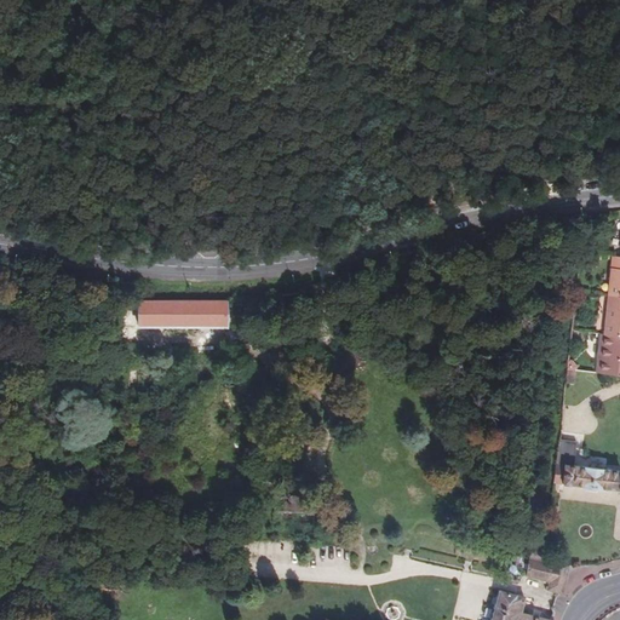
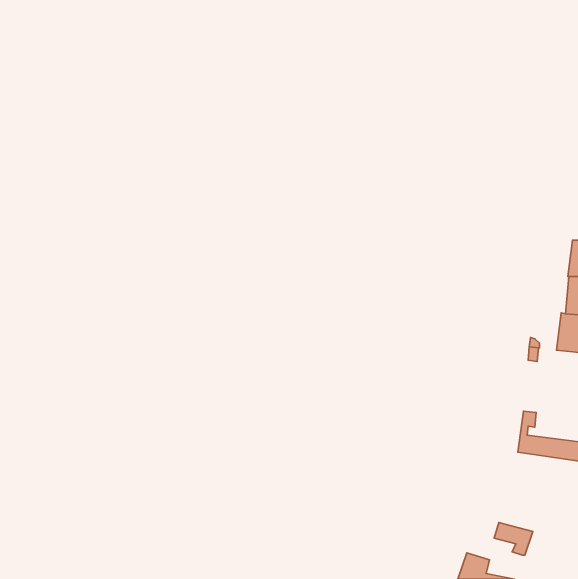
building: [139,299,226,325] -> none

